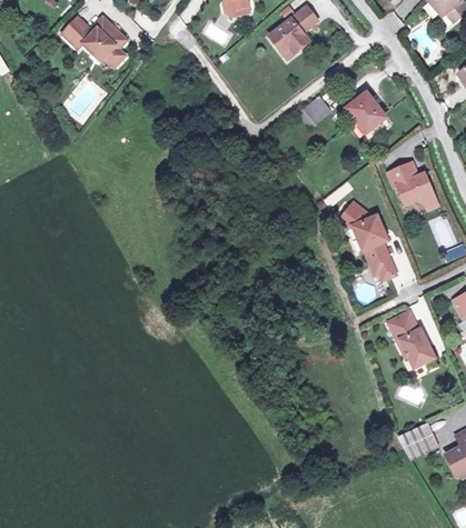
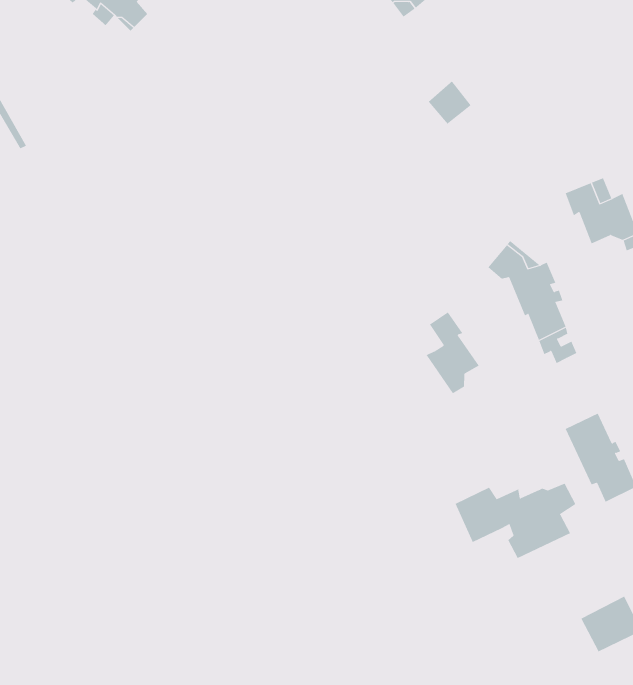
building: [346,96,384,133] -> none
building: none -> [426,312,479,394]
building: none -> [455,483,576,559]

